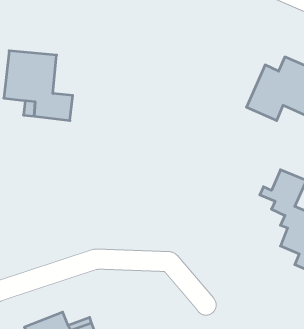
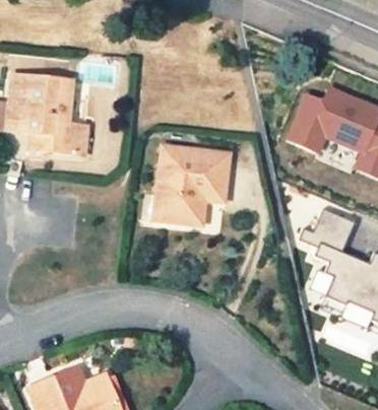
building: none -> [160,145,231,224]

